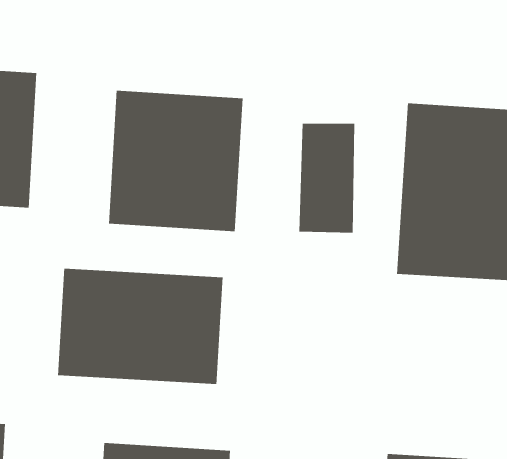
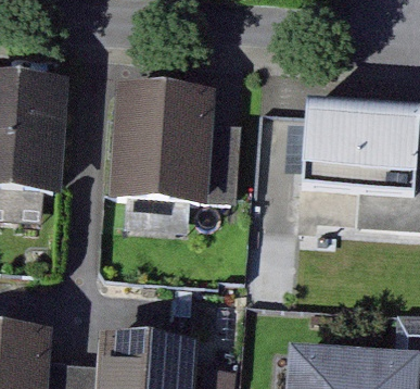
building: [58,268,223,385] -> none

